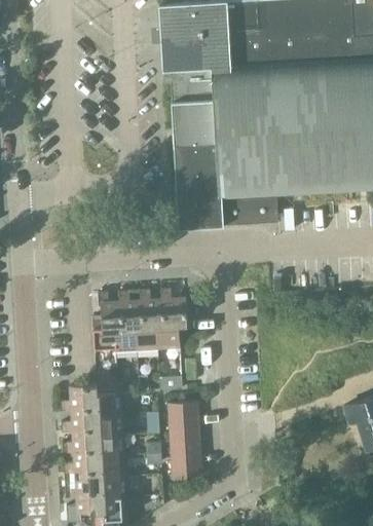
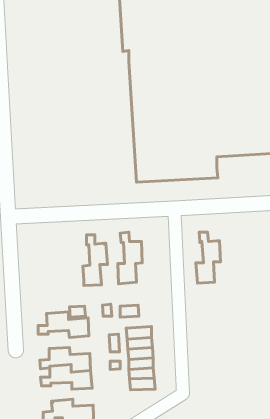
building: [135,290,164,351] -> [196,232,220,283]
building: [91,292,122,346] -> none
building: [61,407,122,436] -> none
building: [64,469,126,498] -> none

